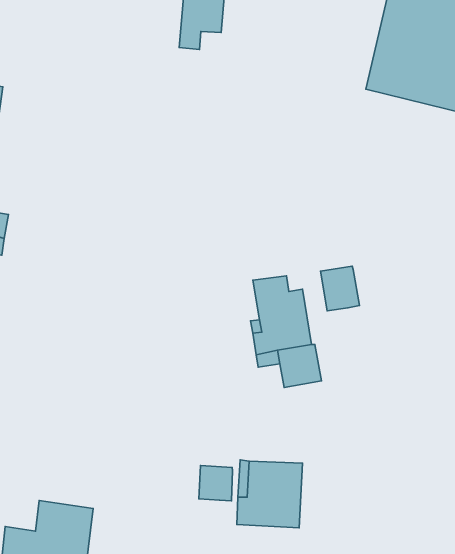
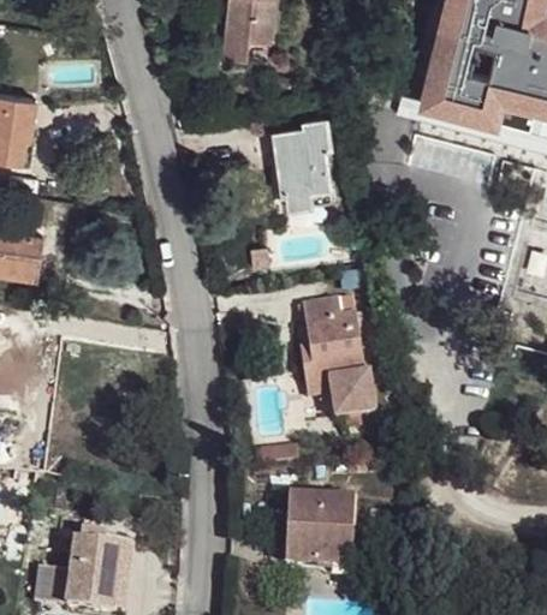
building: none -> [273,118,331,207]
building: [321,266,359,311] -> none
building: [199,466,233,501] -> none

